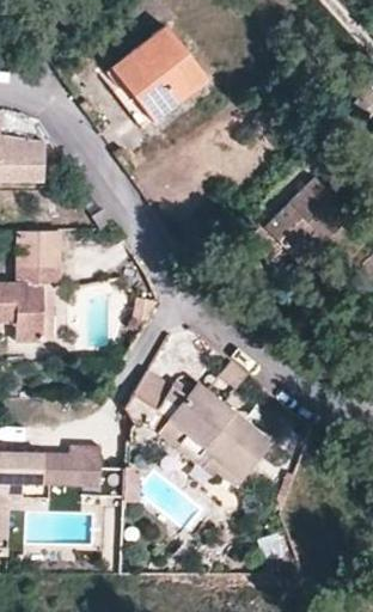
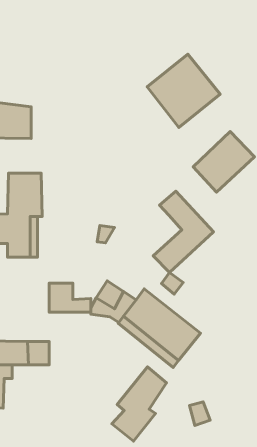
building: [111,26,208,123] -> [147,54,220,128]
building: none -> [153,191,213,273]
building: [71,446,126,484] -> [49,283,91,312]
building: none -> [112,367,166,441]

